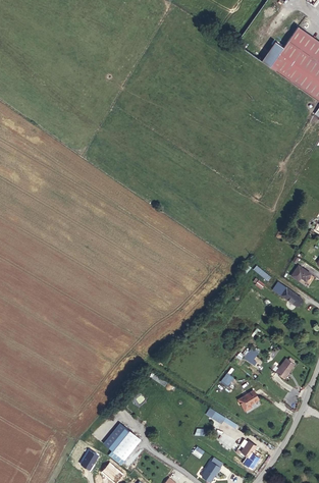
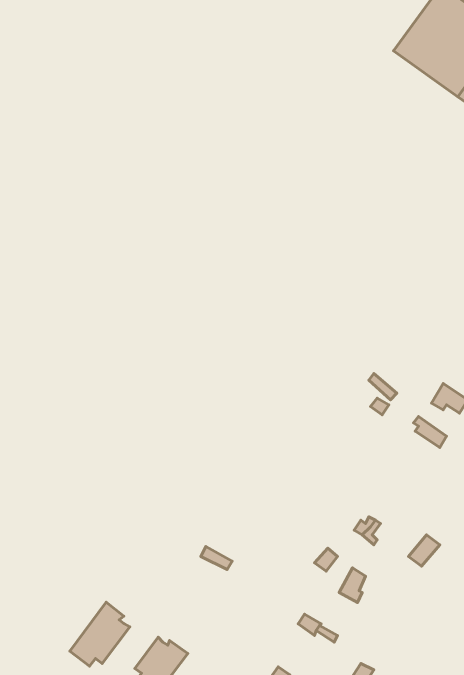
building: none -> [70,602,130,666]

